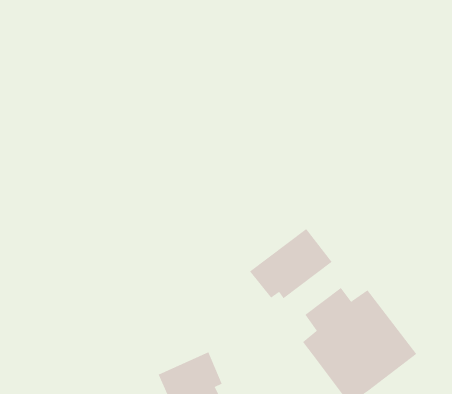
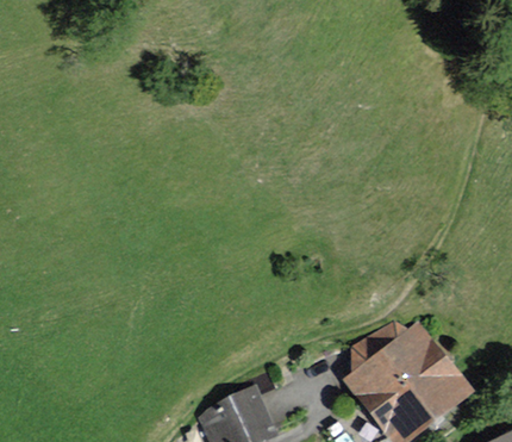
building: [249,228,332,299] -> none

